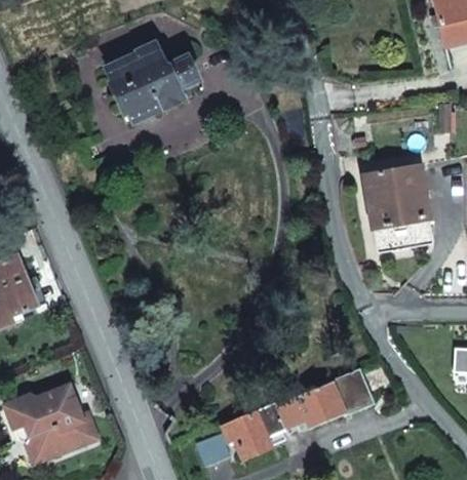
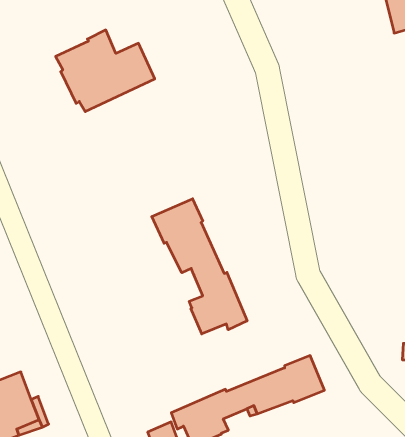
building: [366,165,432,252] -> none
building: none -> [152,199,247,334]

